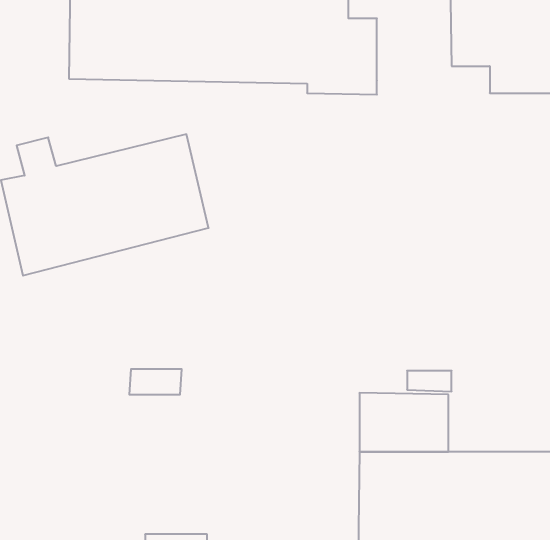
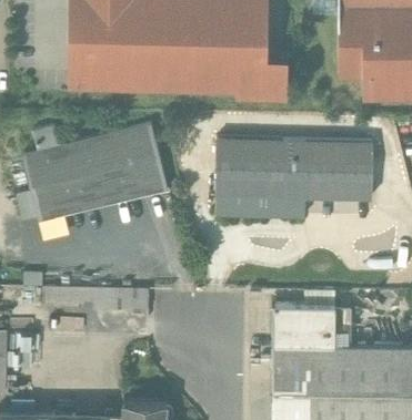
building: none -> [214,140,372,221]

